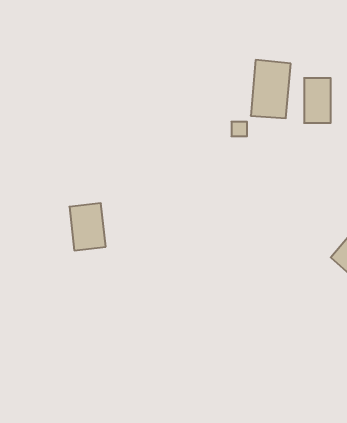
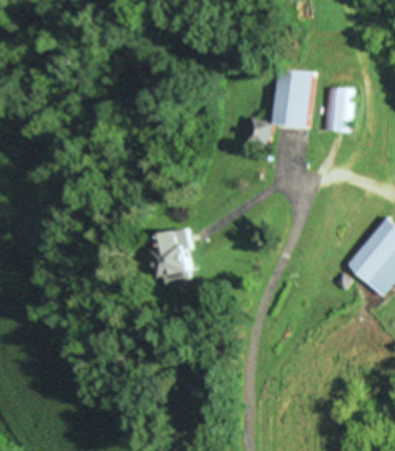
building: [69,203,106,250] -> [154,231,190,278]

